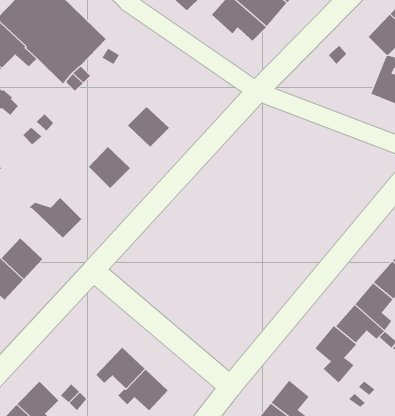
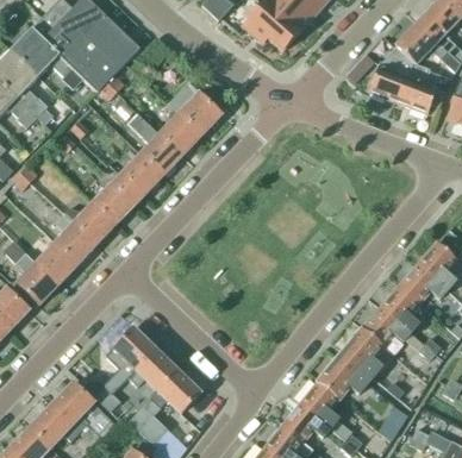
building: none -> [369,45,413,101]
building: none -> [179,92,220,134]
building: none -> [129,112,182,174]
building: none -> [94,181,143,224]
building: none -> [55,213,96,263]
building: none -> [113,327,155,376]
building: none -> [317,350,367,399]

